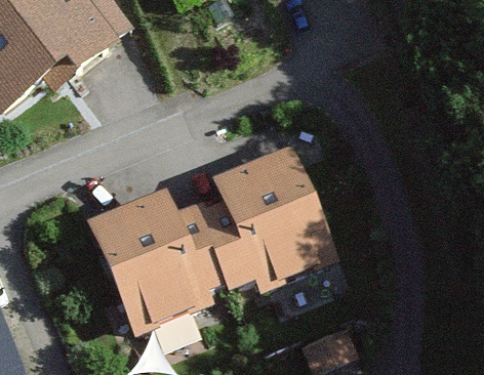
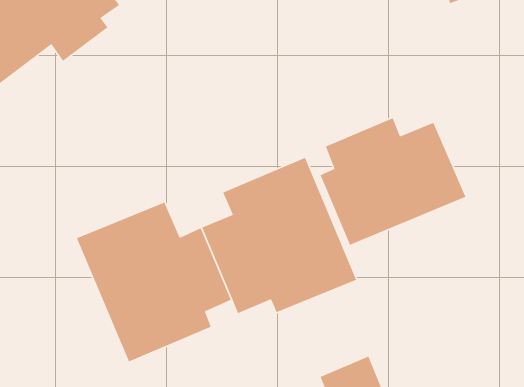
building: none -> [320,117,466,246]

